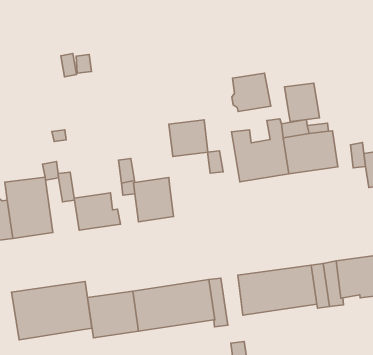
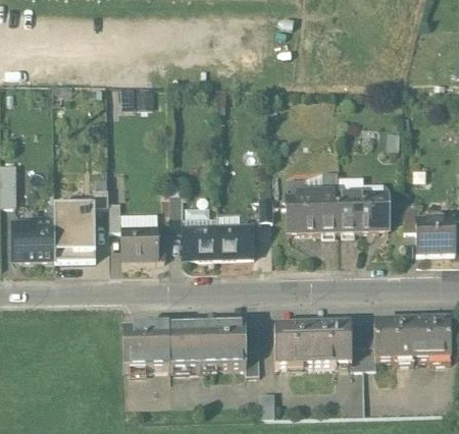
building: [232,73,271,111] -> none
building: [284,83,320,122] -> none
building: [169,120,208,156] -> [217,223,253,256]
building: [11,282,92,340] -> none

